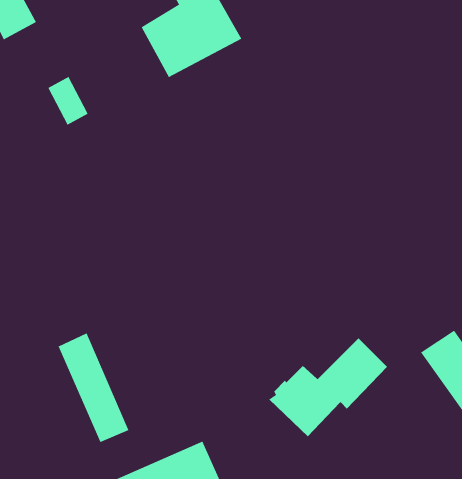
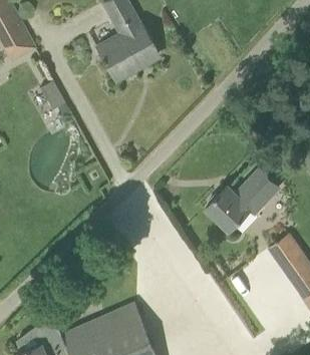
building: [58,332,129,443] -> none
building: [269,337,388,437] -> [206,170,279,232]

